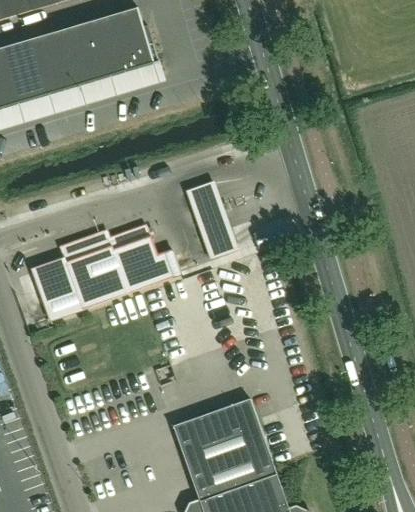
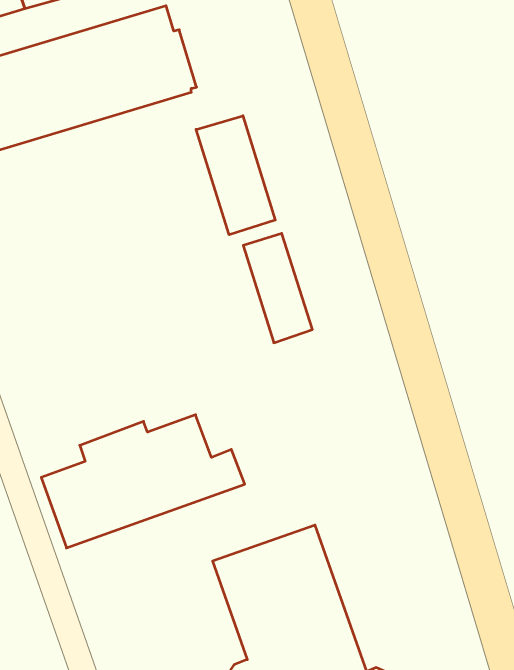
building: none -> [196,116,275,235]
building: [27,225,180,325] -> [41,415,245,548]

